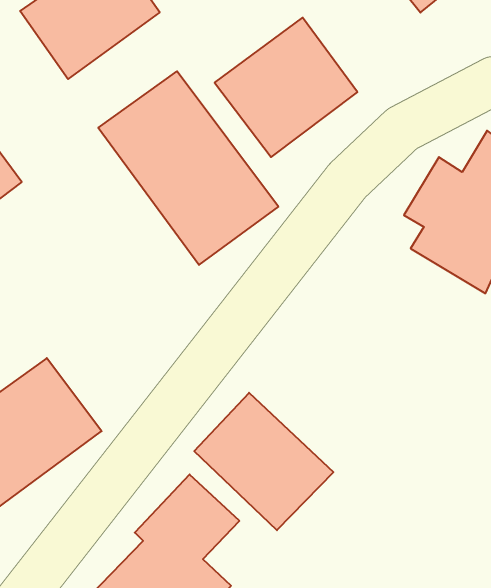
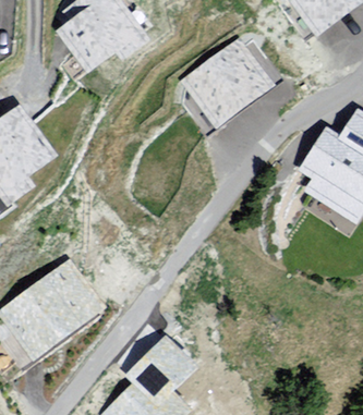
building: [98,71,278,265] -> none
building: [194,393,333,530] -> none

